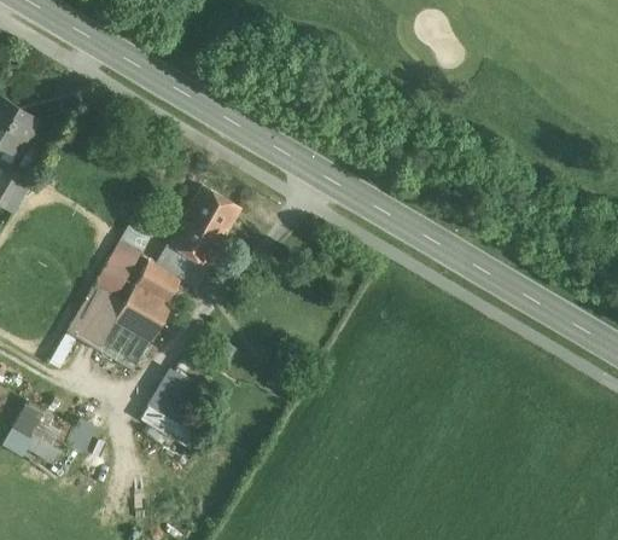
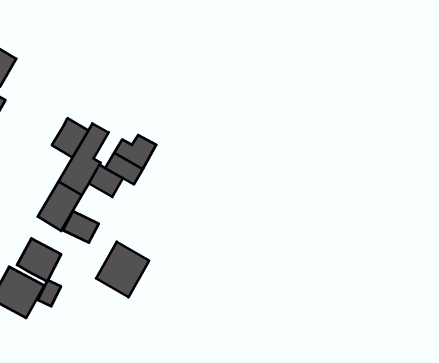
building: [177,190,239,238] -> none
building: none -> [52,118,88,157]
building: [112,290,169,346] -> none
building: none -> [17,238,61,281]

